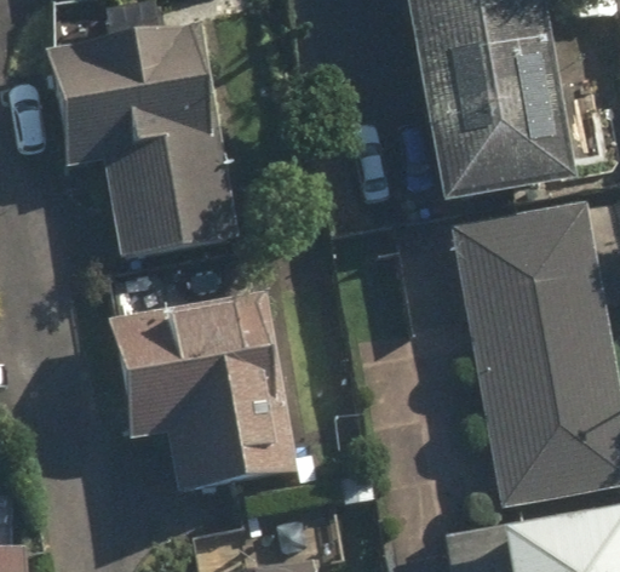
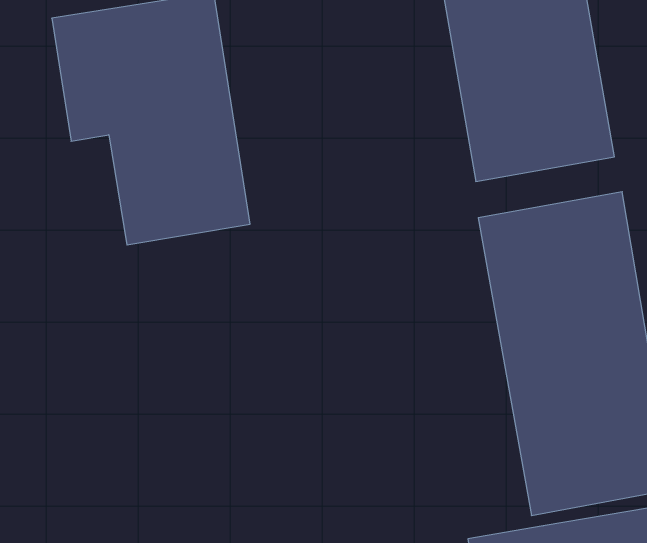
building: [119,299,289,490] -> none

